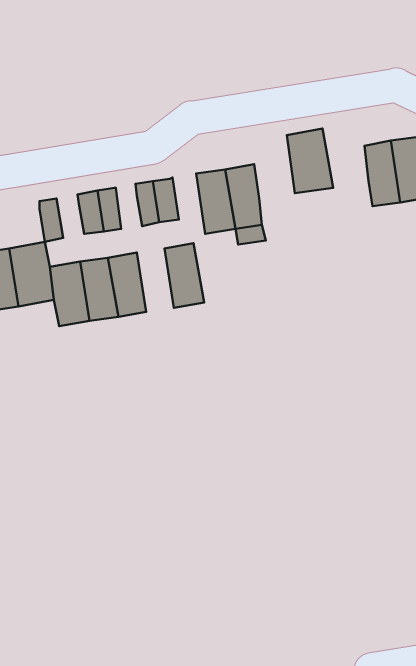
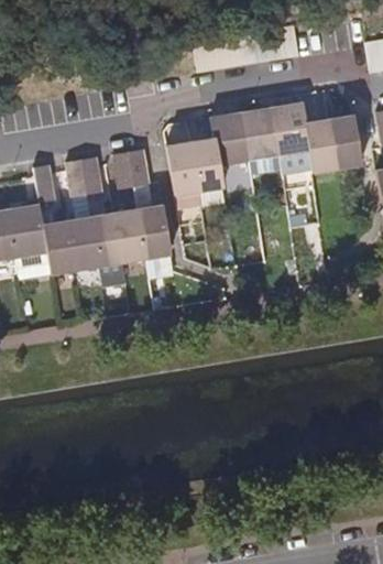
building: none -> [272,104,310,159]
building: none -> [211,115,249,167]
building: none -> [117,209,147,262]

